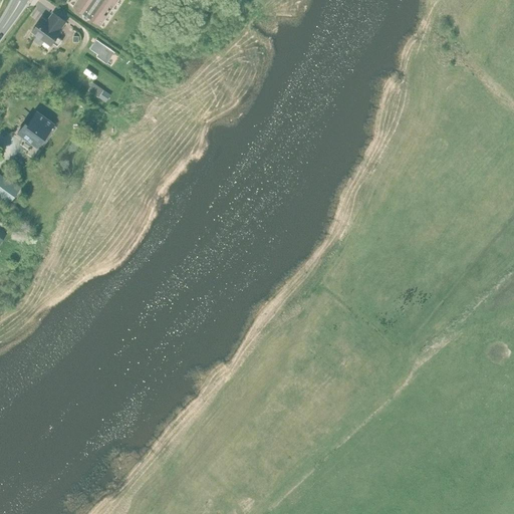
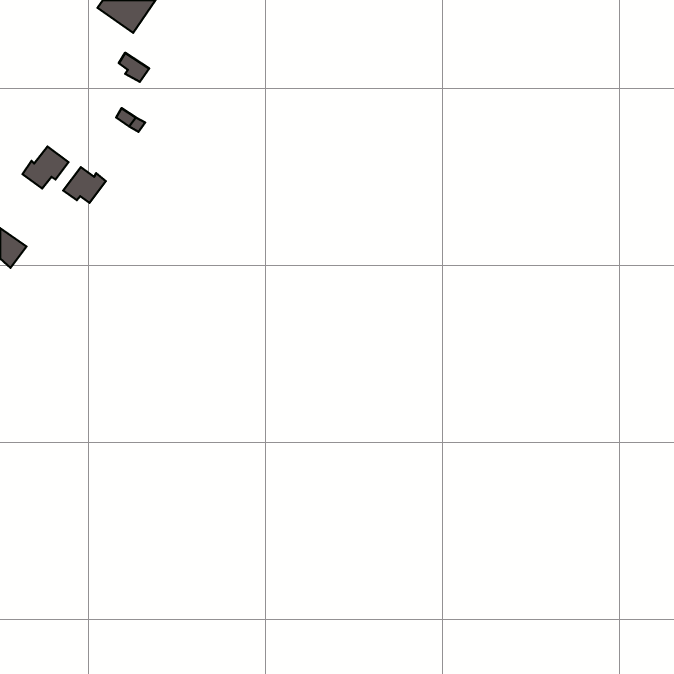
building: [31,13,65,47] -> none
building: none -> [63,167,106,203]

